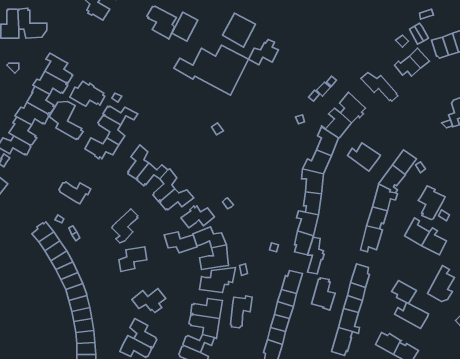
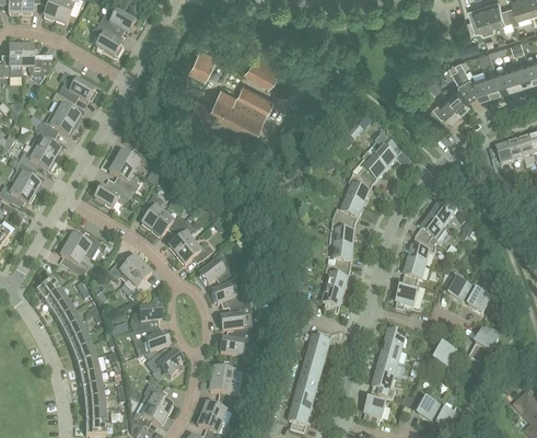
building: [147,6,176,39] -> none
building: [249,39,279,65] -> none
building: [361,72,398,101] -> none
building: [70,81,105,106] -> [57,74,95,102]
building: [49,101,83,140] -> none
building: [347,143,380,171] -> none
building: [418,186,445,220] -> none
building: none -> [58,243,87,276]
building: none -> [106,254,142,280]
building: [164,232,197,253] -> [132,327,168,350]
building: [307,237,324,274] -> none
building: [312,278,335,310] -> none
building: [231,296,252,328] -> none
building: [395,303,429,329] -> none

